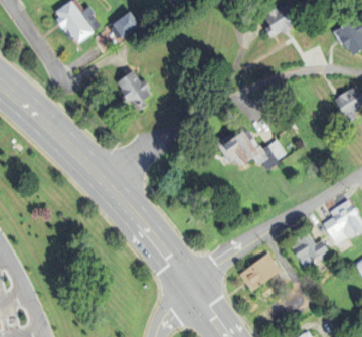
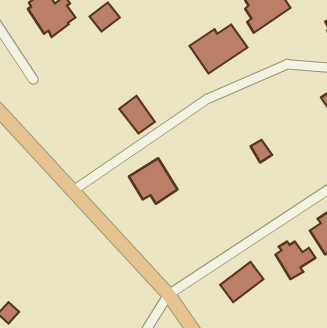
building: none -> [189,25,248,73]
building: [115,72,148,108] -> [119,96,155,134]
building: [213,125,258,167] -> [129,158,178,204]

